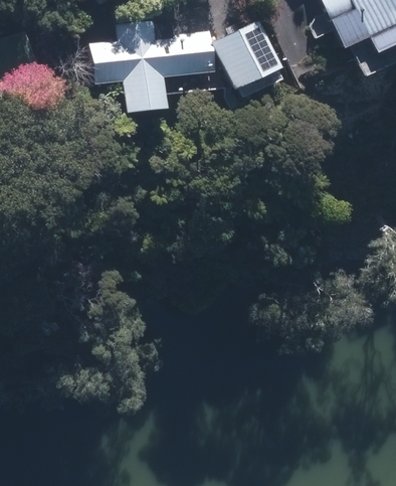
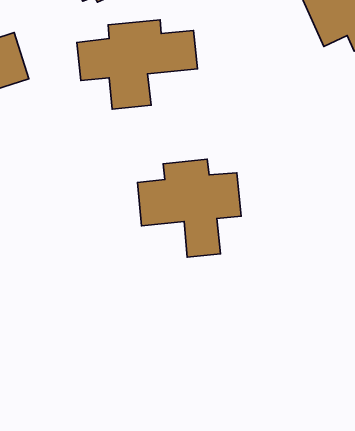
building: [213,25,280,92] -> none
building: none -> [137,159,241,257]

